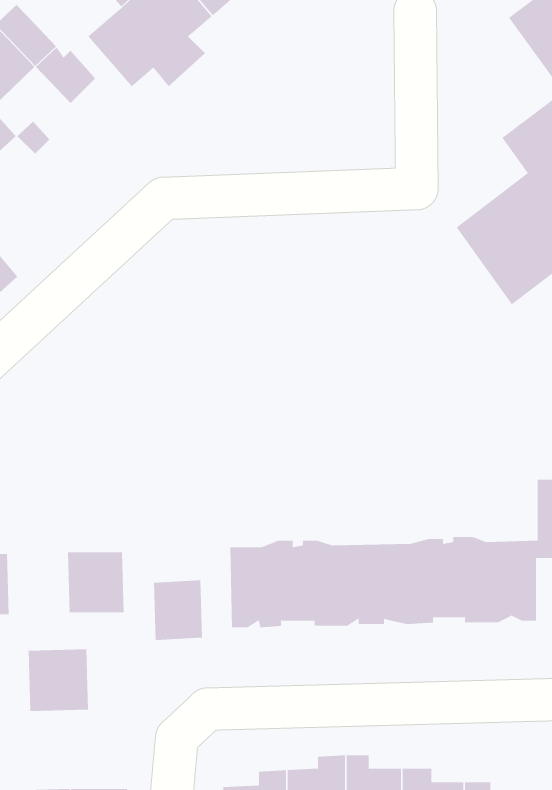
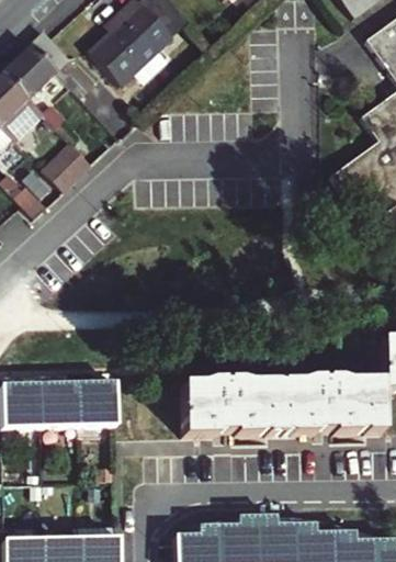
building: none -> [39,142,91,191]
building: [153,579,203,641] -> none
building: [28,649,89,711] -> [38,385,78,426]

